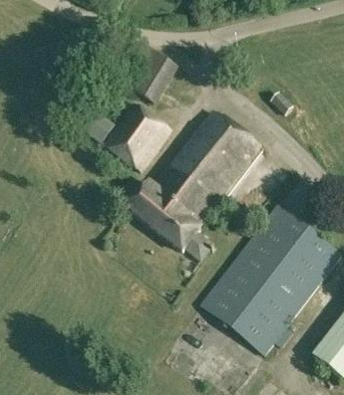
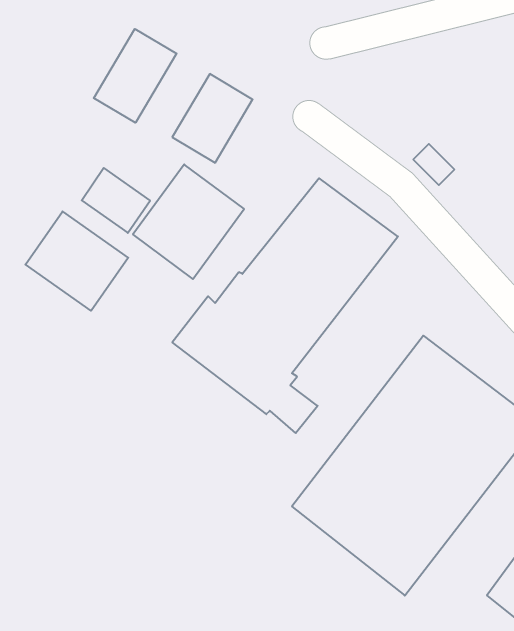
building: none -> [94,29,177,123]
building: none -> [25,211,128,311]

